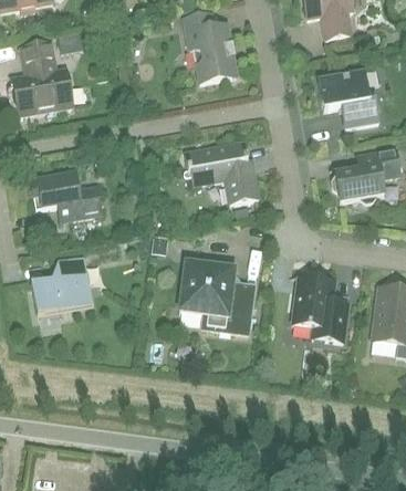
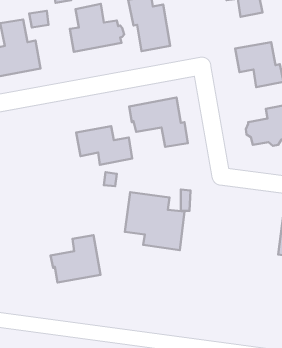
building: none -> [70,4,124,52]
building: [30,171,101,220] -> [76,126,132,165]
building: [30,255,93,315] -> [51,235,101,283]
building: [292,275,347,341] -> none

